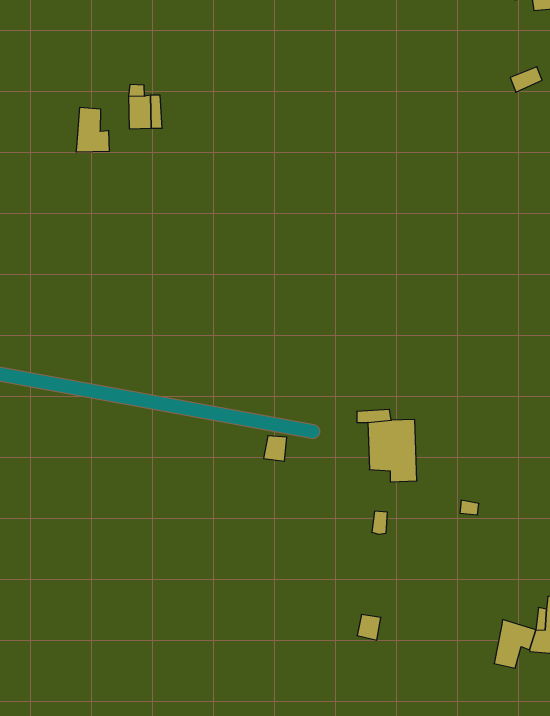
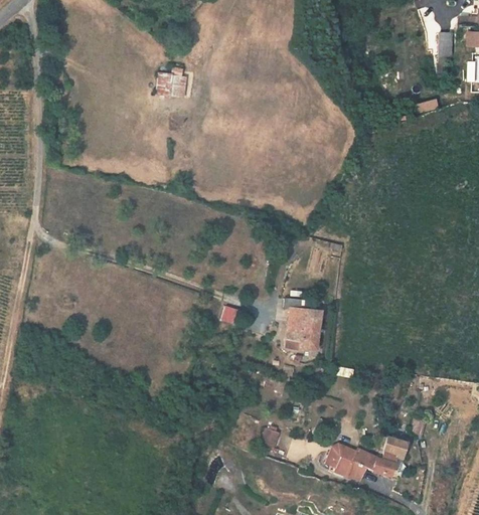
building: [76,107,109,152] -> none
building: none -> [325,443,355,475]

